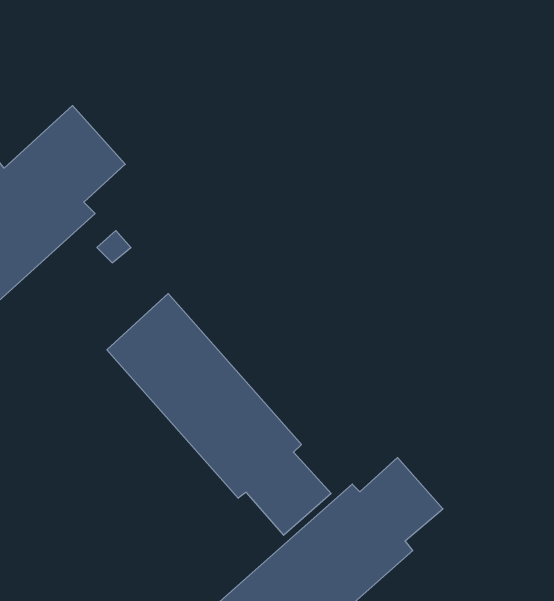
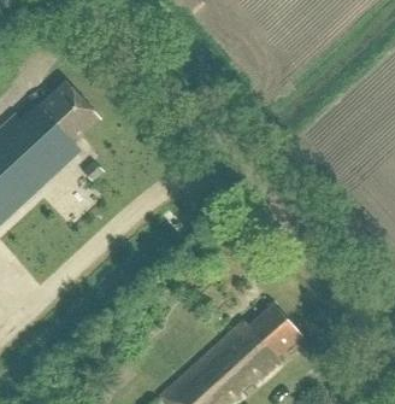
building: [107,294,331,535] -> none

